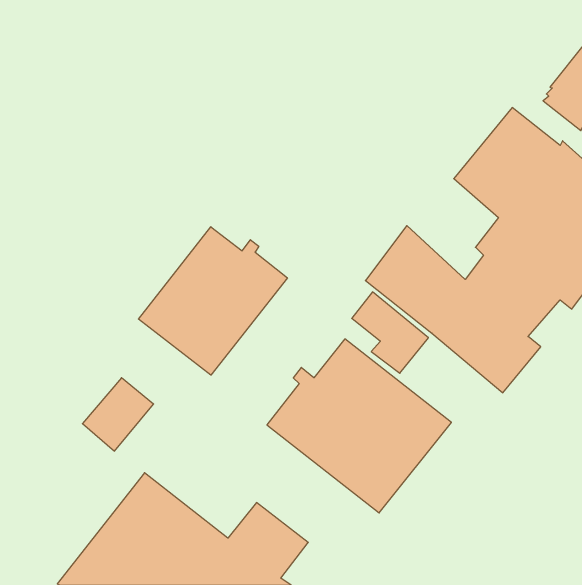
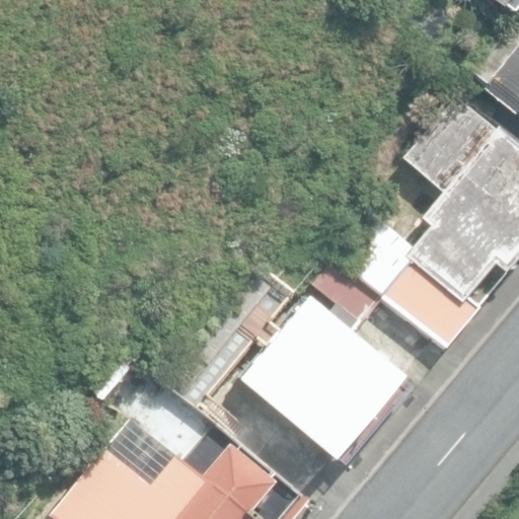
building: [138,227,287,375] -> none

